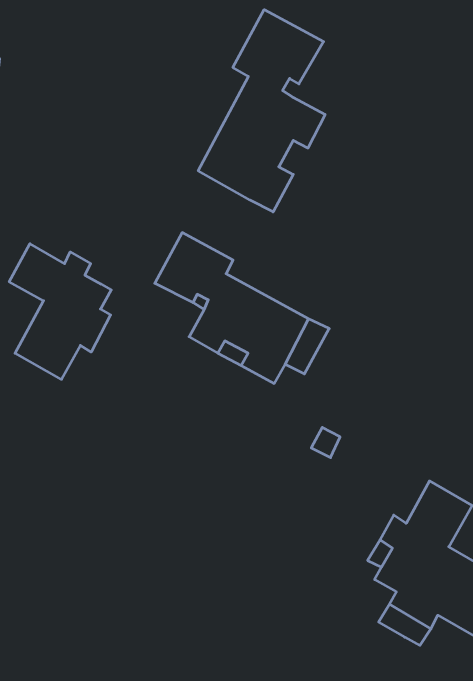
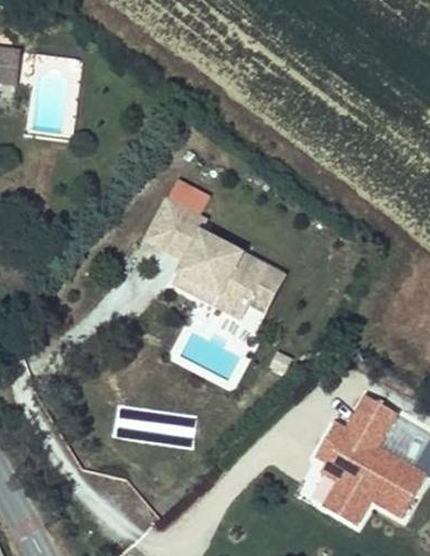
building: [198,10,325,212] -> none
building: [9,244,111,379] -> none

